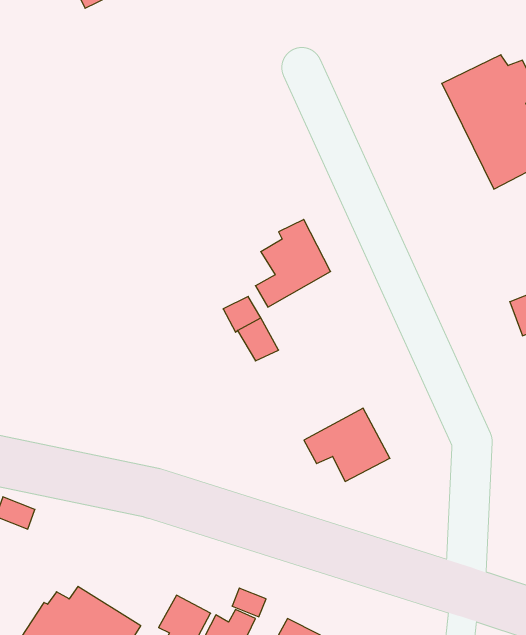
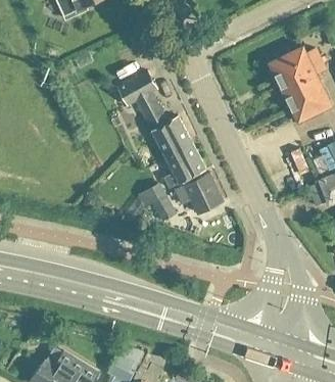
building: none -> [116,70,191,158]
building: [304,408,390,481] -> [176,173,225,214]

